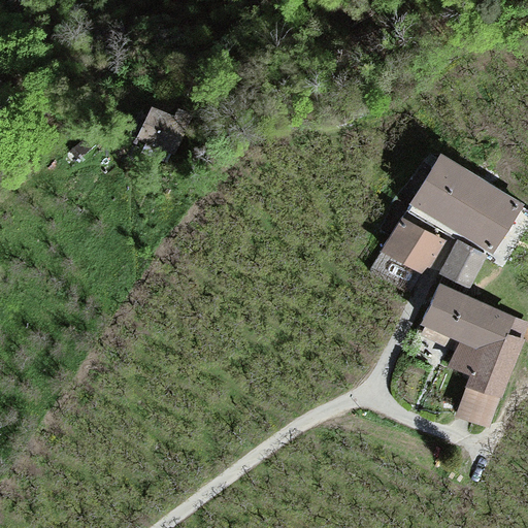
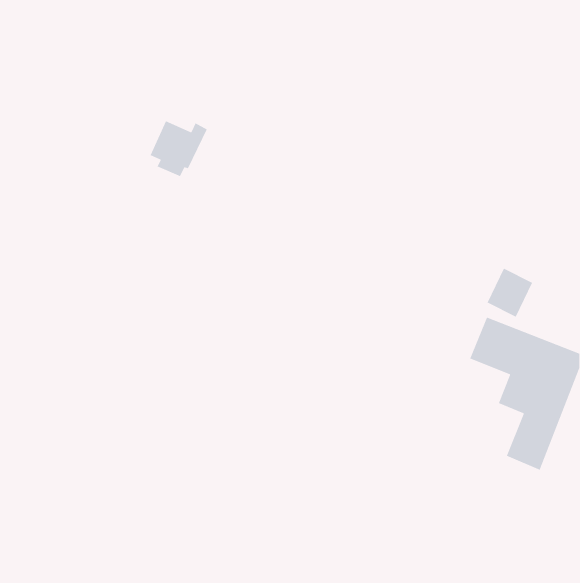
building: [411,159,515,250] -> none
building: [381,221,437,274] -> none

